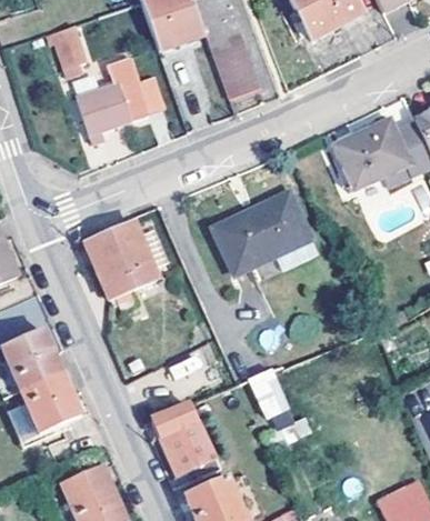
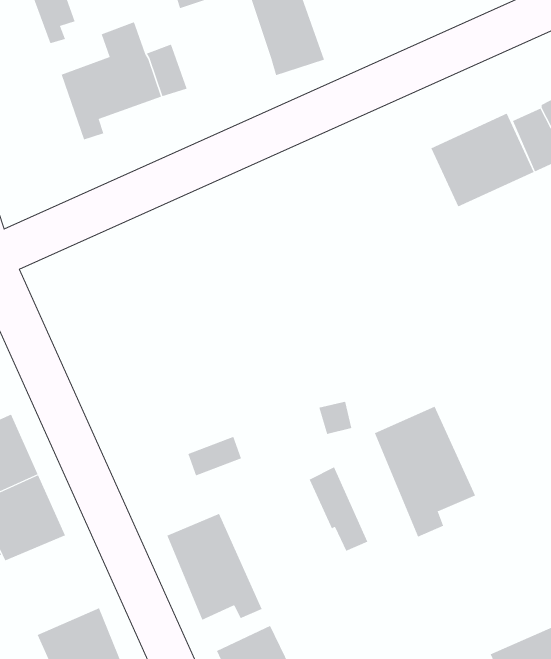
building: [214,190,309,268] -> none
building: [87,221,157,295] -> none
building: none -> [374,406,476,538]

